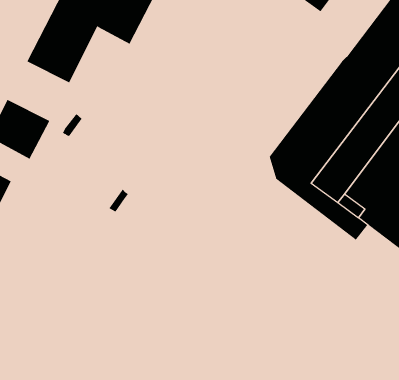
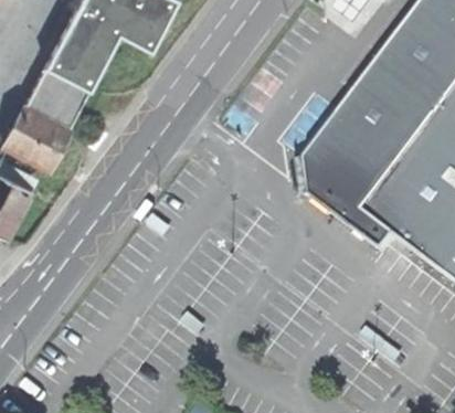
building: none -> [29,64,93,125]

